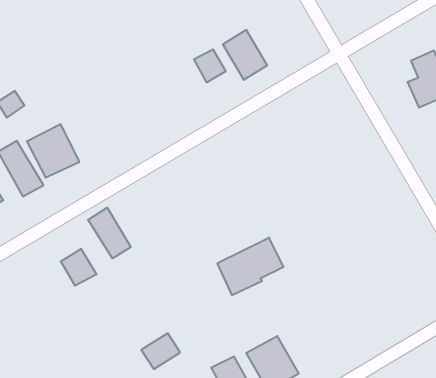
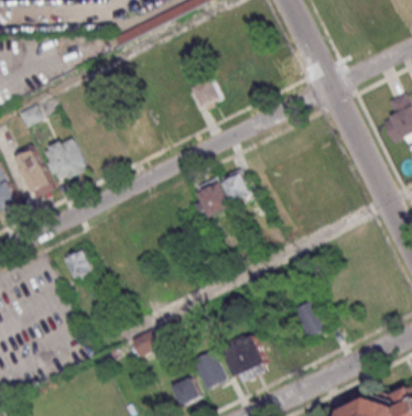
building: [223,30,267,80] -> none
building: [88,208,131,258] -> none
building: [217,238,284,295] -> [196,168,254,217]
building: none -> [291,298,328,340]

